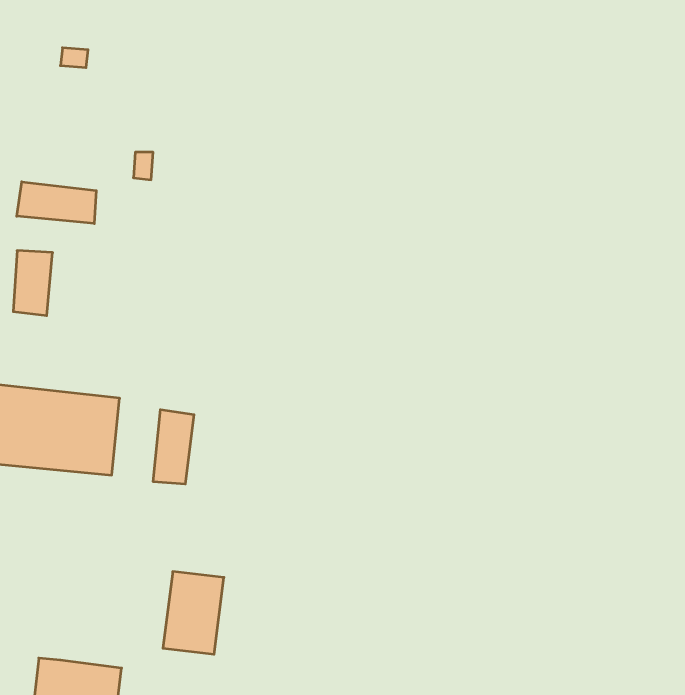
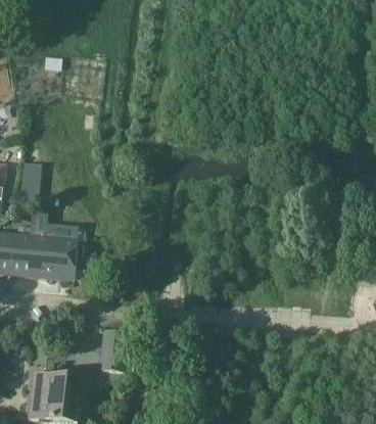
building: [17,182,96,224] -> none
building: [153,410,194,484] -> none

